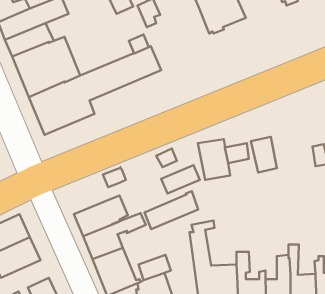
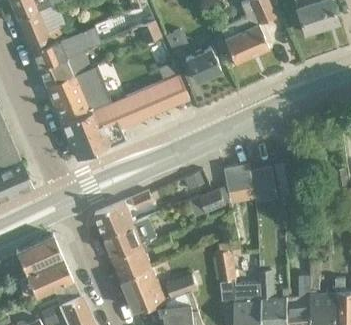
building: none -> [186,48,220,80]
building: none -> [96,202,134,236]
building: [145,191,198,229] -> none

